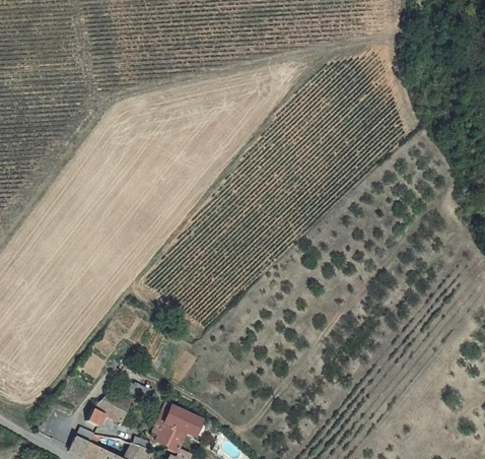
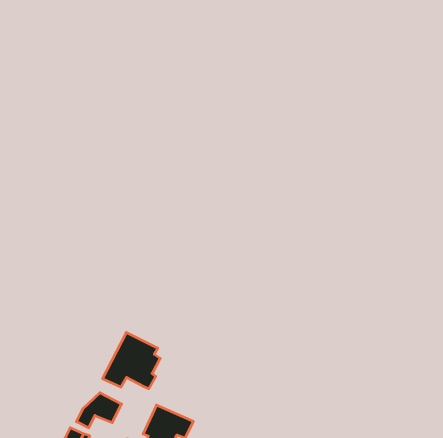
building: none -> [103,332,160,389]

